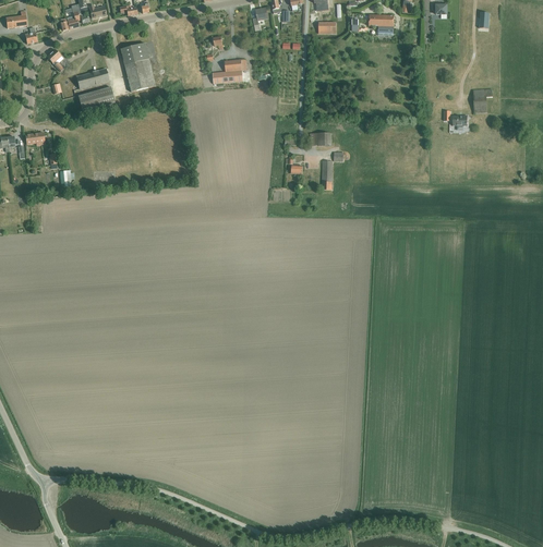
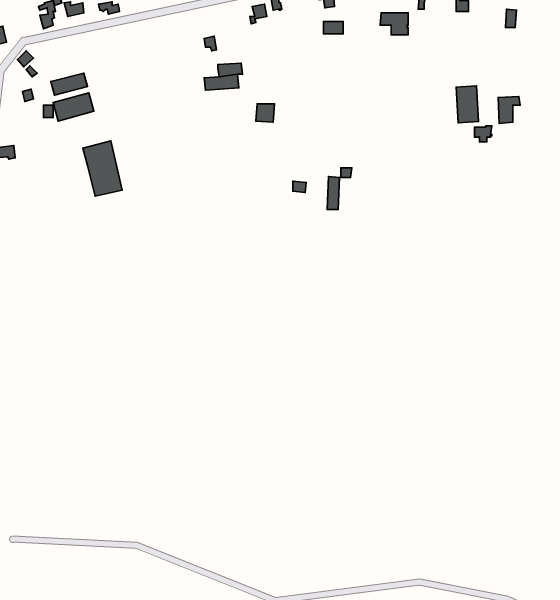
building: [120,41,155,90] -> [83,141,122,196]
building: none -> [456,86,478,123]

